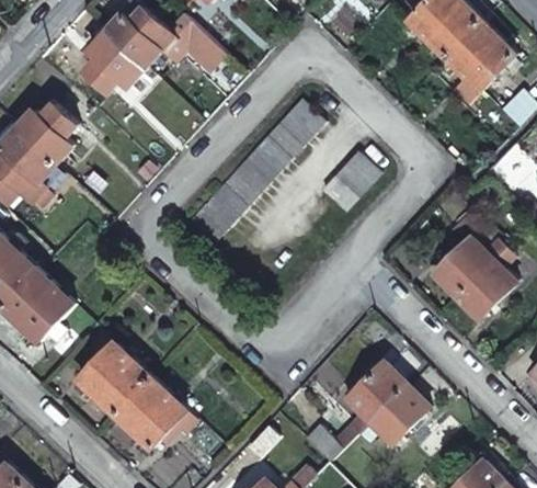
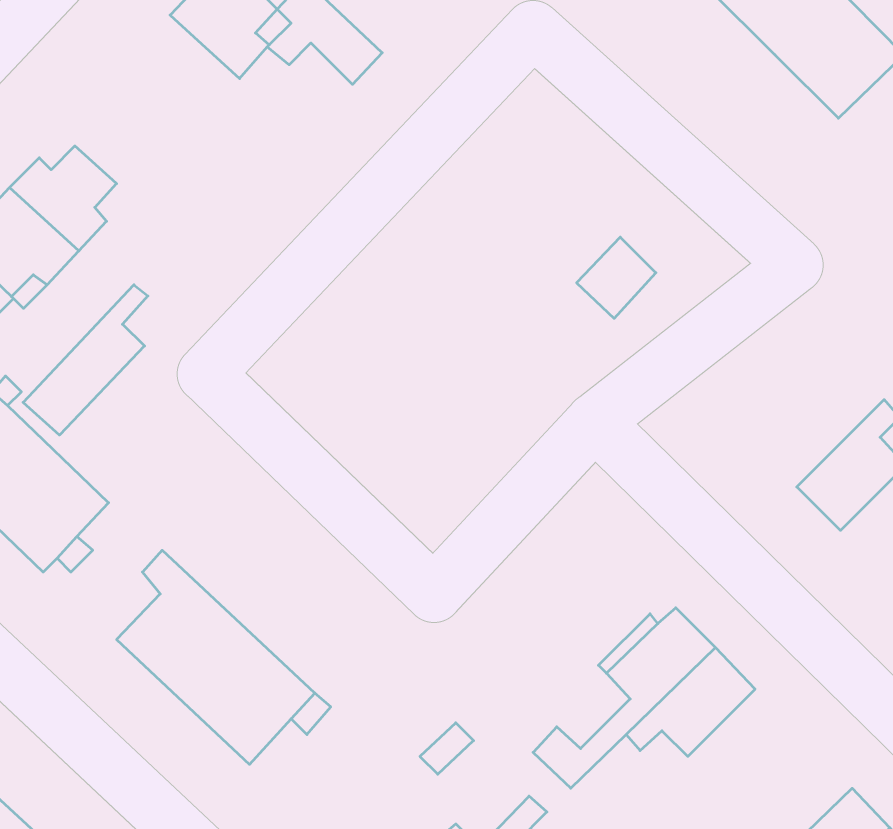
building: [84,33,145,93] -> none
building: [185,102,323,247] -> none
building: none -> [23,285,148,435]
building: [433,236,501,294] -> none

